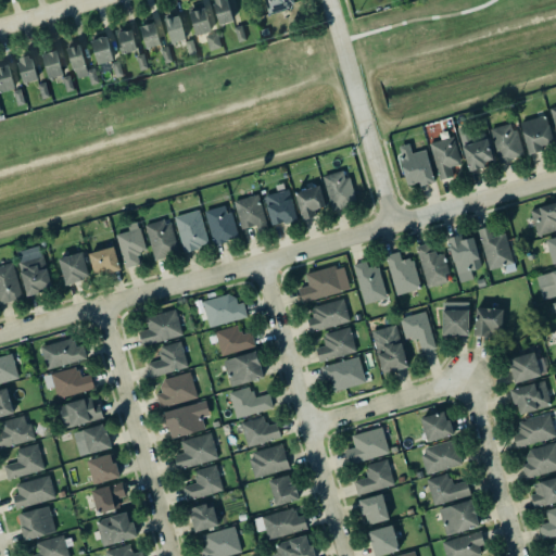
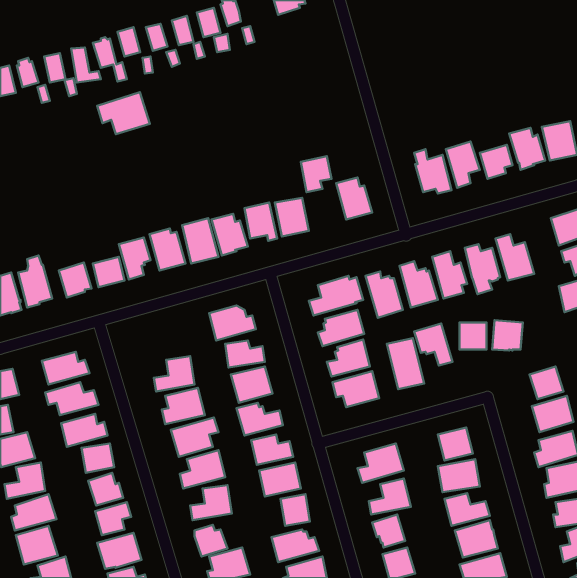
building: none -> [97,92,150,134]
building: [296,186,326,220] -> [301,156,331,192]
building: [139,309,184,346] -> none

